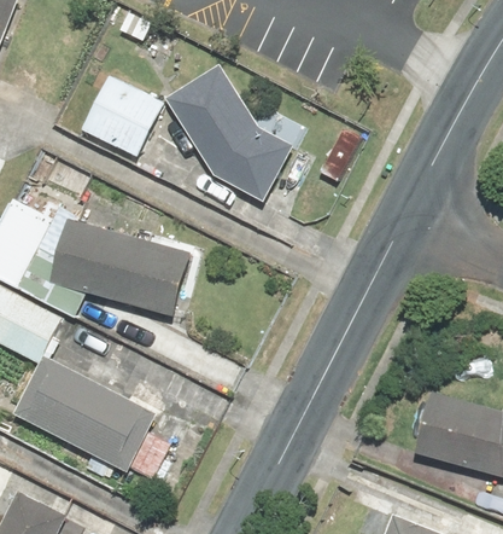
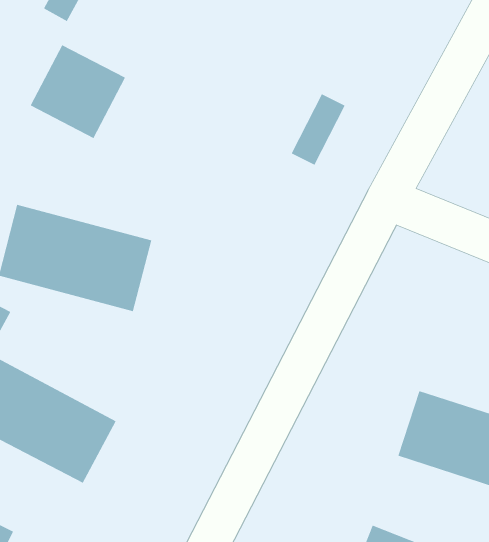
building: [164,64,293,204] -> none

